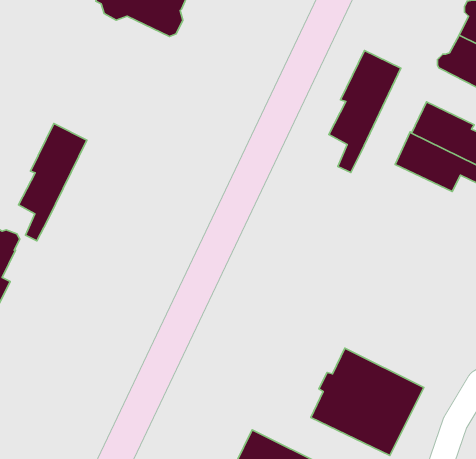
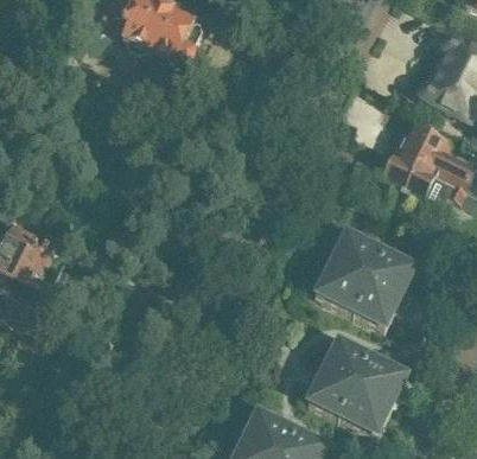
building: [329,50,401,173] -> none
building: [18,124,87,241] -> none
building: none -> [317,231,415,325]

